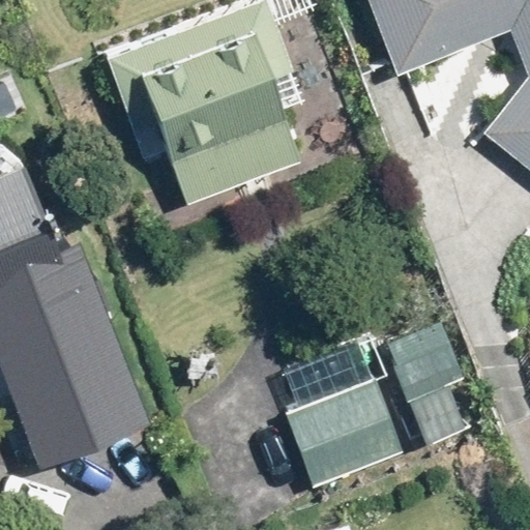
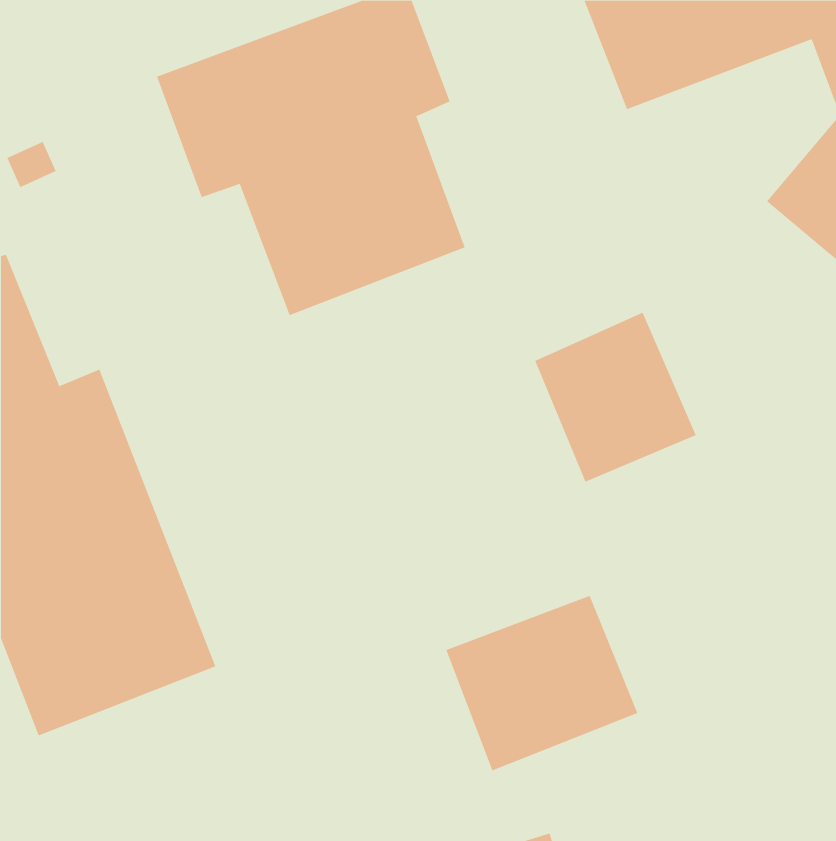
building: none -> [534,312,696,483]
building: [385,318,466,444] -> none

